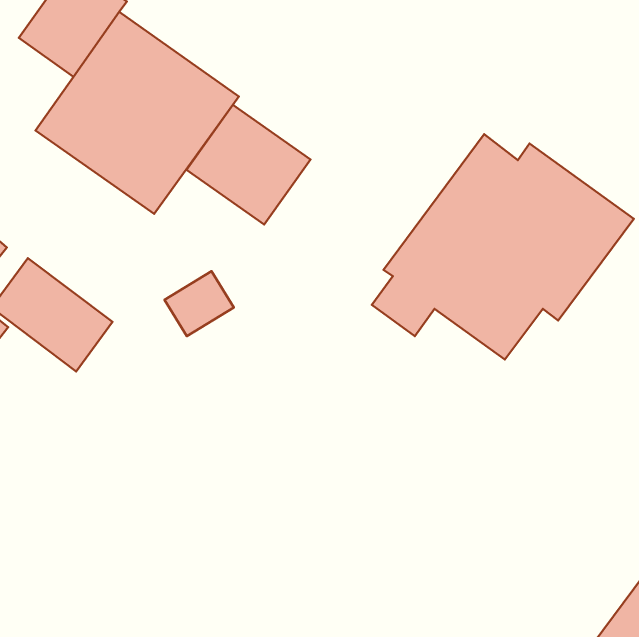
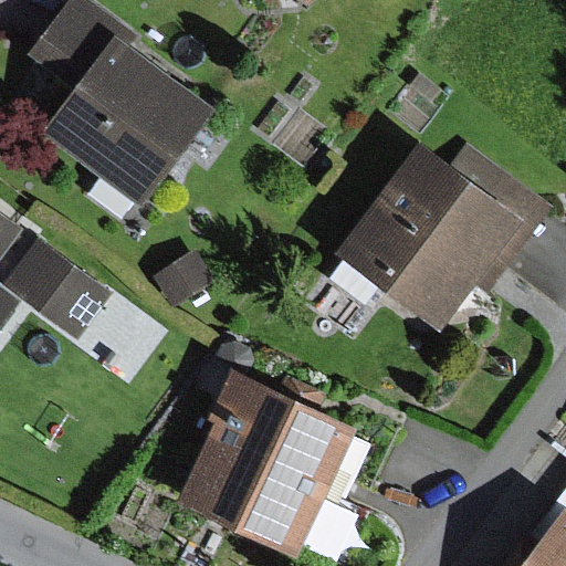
building: [186,105,310,224] -> none
building: none -> [178,371,359,556]

